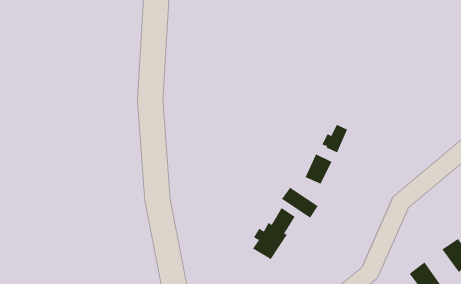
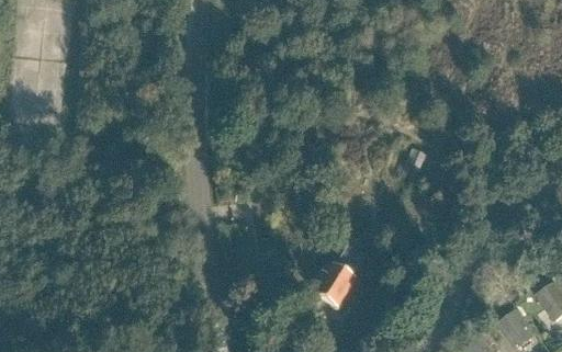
building: [305,154,332,185] -> none
building: [281,187,318,219] -> none

